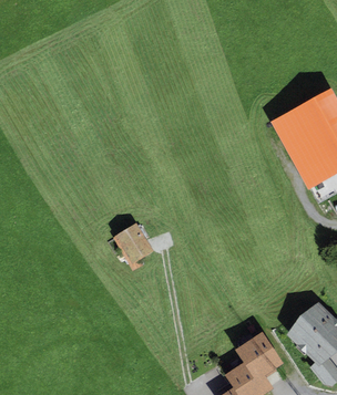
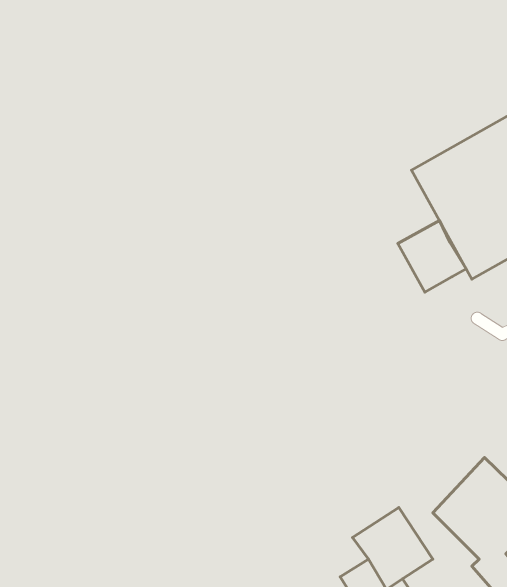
building: none -> [398,221,466,292]
building: [114,222,153,271] -> none

